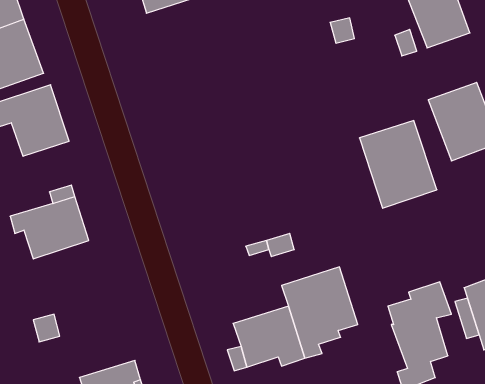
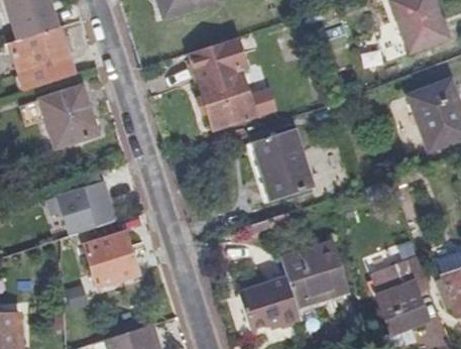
building: none -> [191,36,275,128]
building: [359,121,437,208] -> [246,127,314,204]
building: none -> [87,229,140,286]

